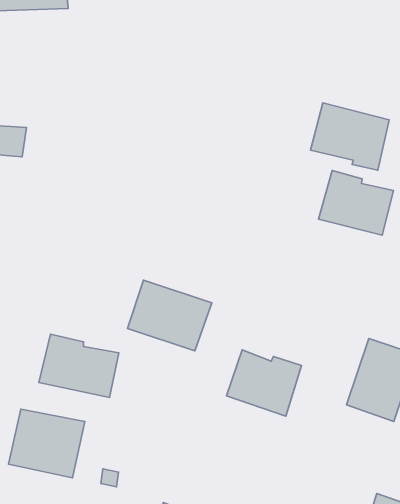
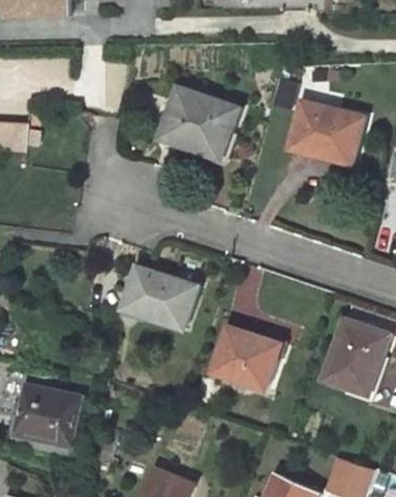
building: none -> [158,85,239,154]
building: [318,171,394,235] -> none
building: [39,334,119,397] -> none

